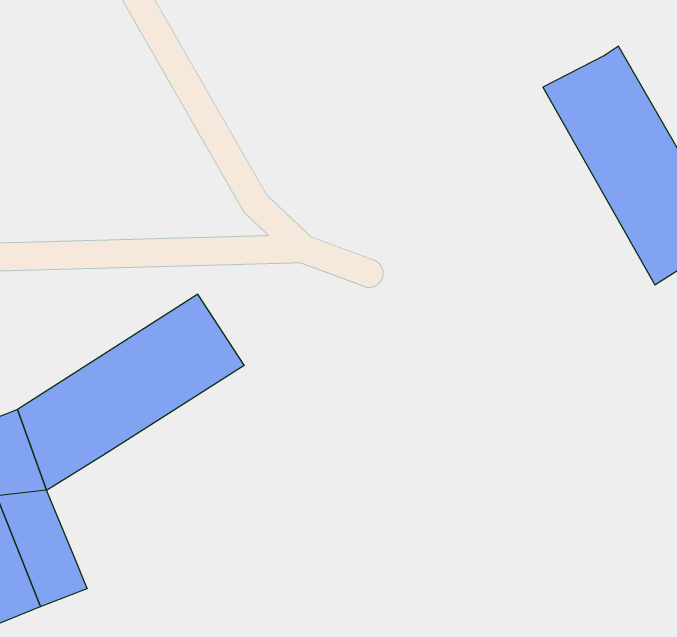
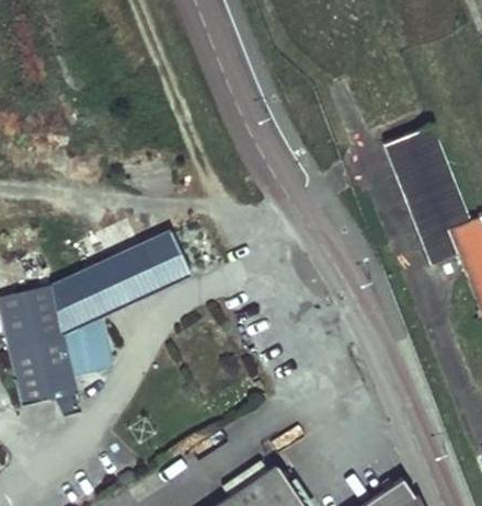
building: none -> [65,317,113,376]

